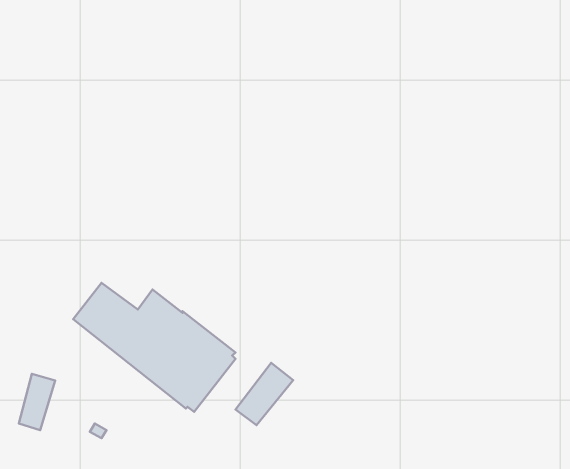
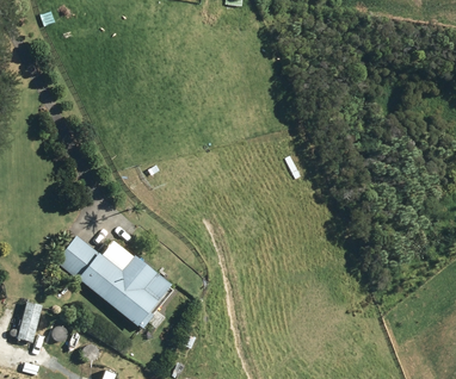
building: [236,363,293,425] -> none

